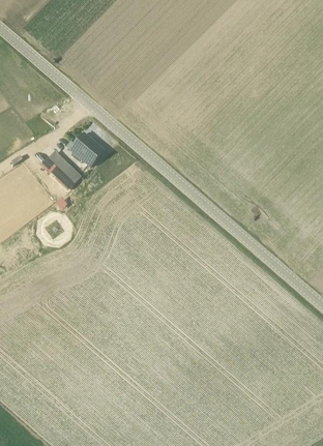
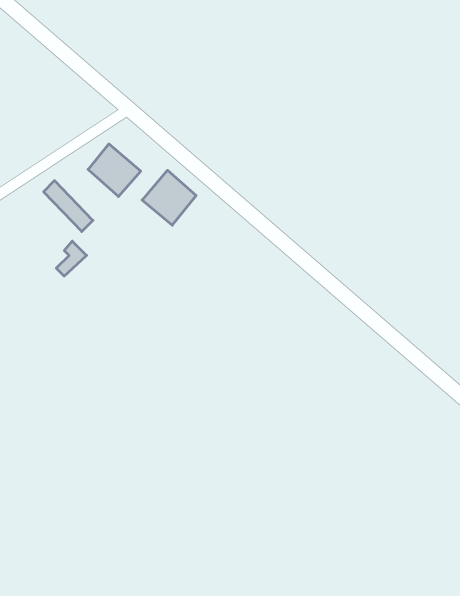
building: none -> [142,170,196,225]

